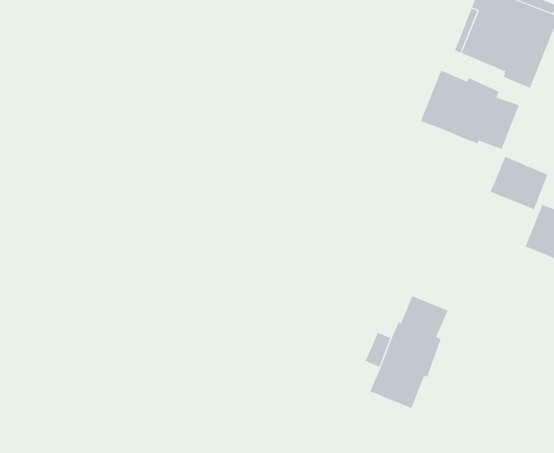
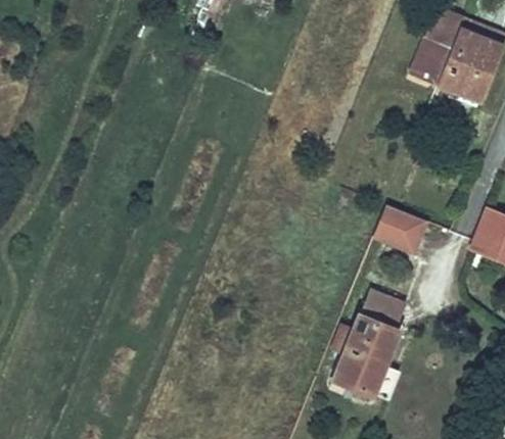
building: [420,70,519,150] -> none
building: [490,156,548,210] -> [374,203,426,251]

